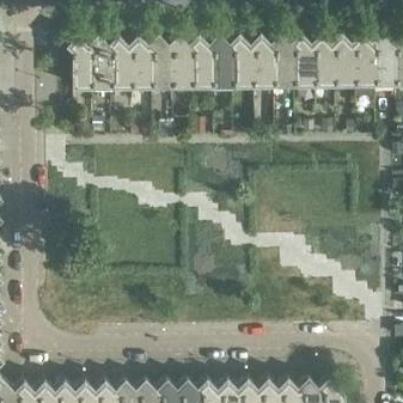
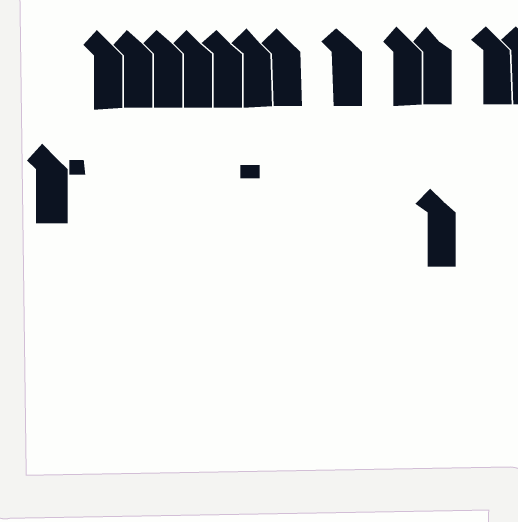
building: [329,33,358,87] -> [414,188,457,267]
building: [227,35,256,88] -> none
building: [269,35,297,88] -> none
building: [65,36,93,91] -> [26,143,69,224]

